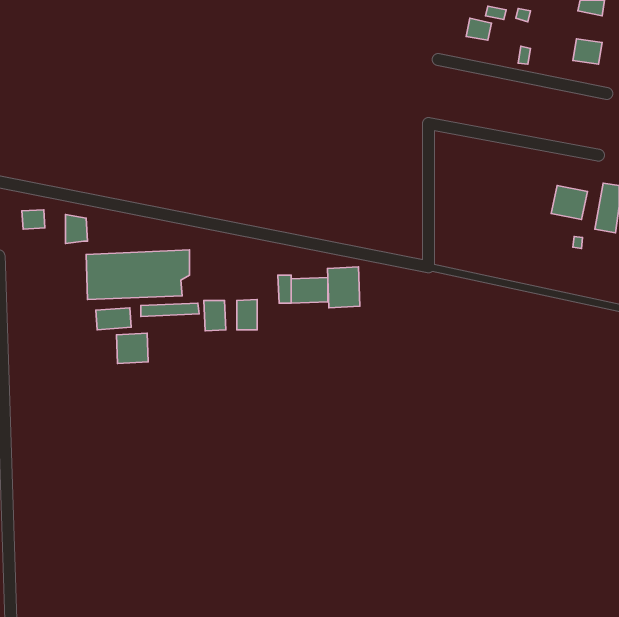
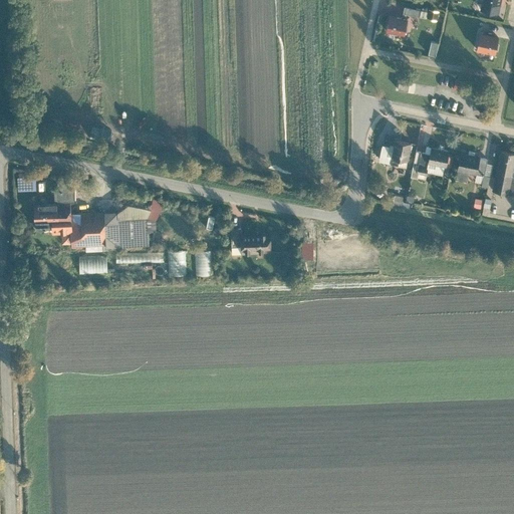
building: none -> [375,134,410,168]
building: none -> [415,148,448,177]
building: none -> [35,205,71,234]
building: [327,267,360,308] -> none
building: [116,333,148,363] -> none

